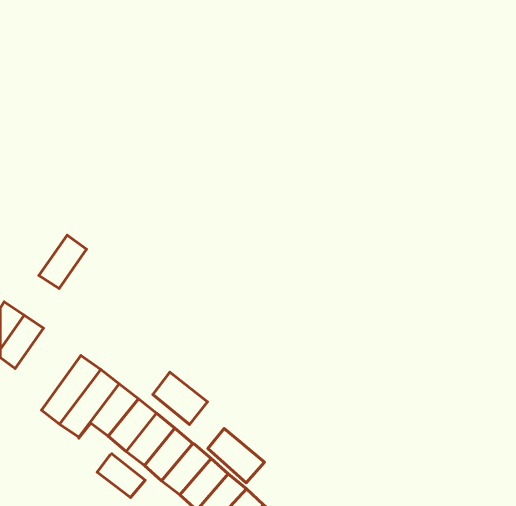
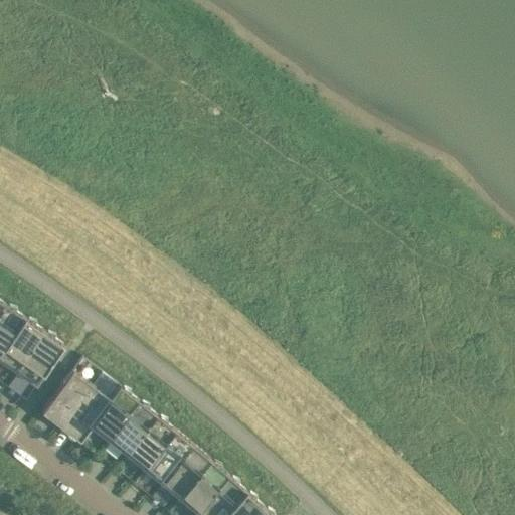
building: [39,235,86,289] -> [15,337,62,390]
building: [153,372,208,425] -> none
building: [208,428,264,483] -> none
building: [97,454,145,498] -> none

